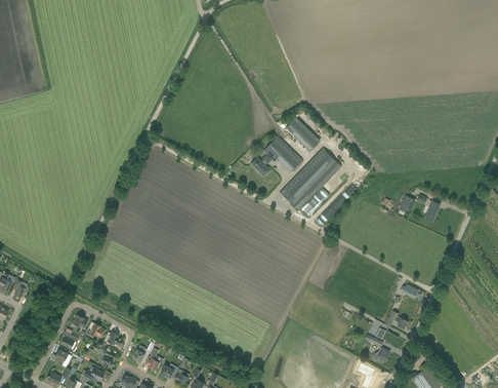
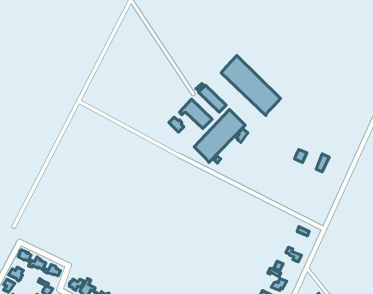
building: none -> [221,56,281,115]

